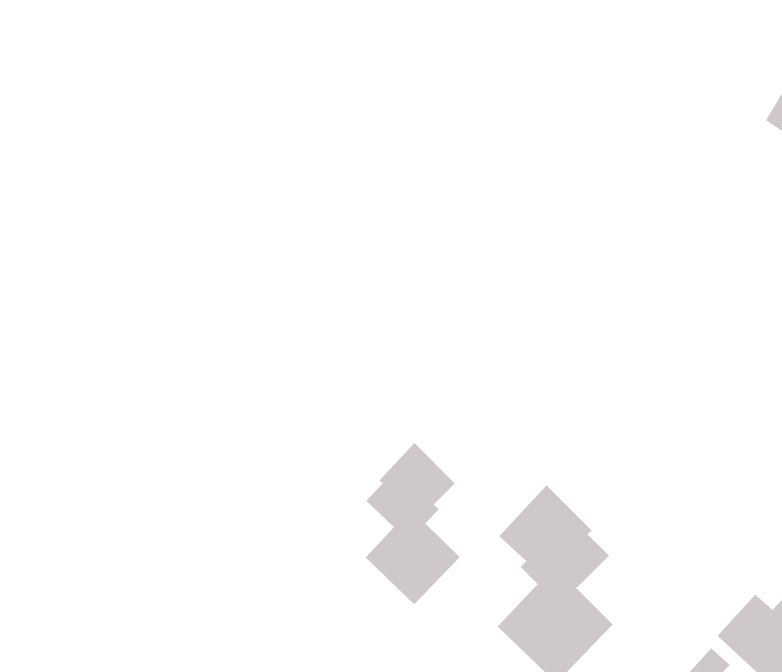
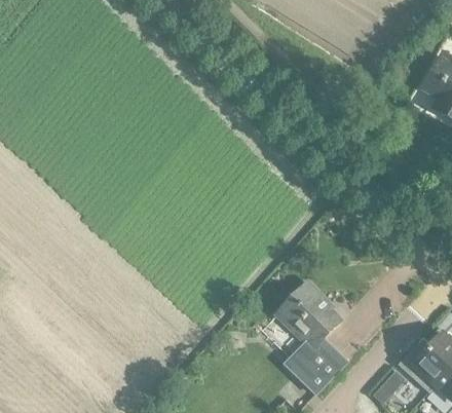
building: [365,442,461,605] -> none

